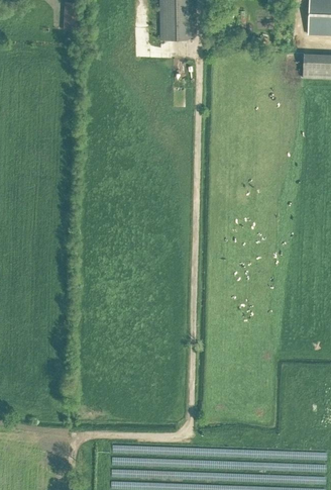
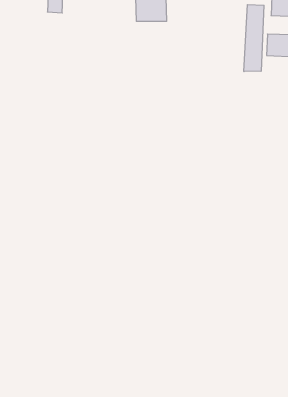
building: none -> [244,5,264,72]

